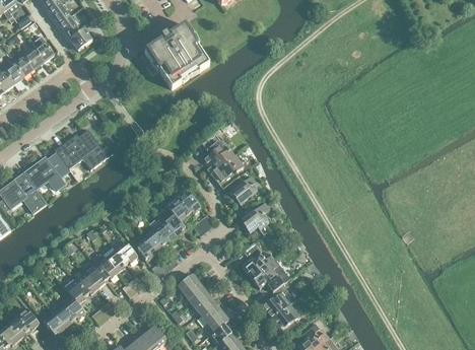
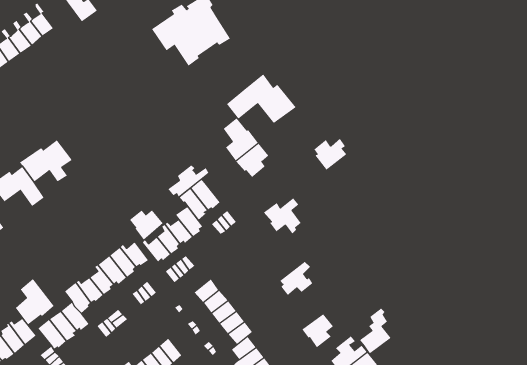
building: none -> [226,74,297,124]
building: [55,130,113,169] -> none
building: none -> [168,164,209,198]
building: [227,176,257,204] -> [313,138,347,170]
building: none -> [129,210,163,240]
building: [242,242,274,276] -> none
building: none -> [15,278,55,325]
building: [262,278,290,319] -> [359,308,391,354]

